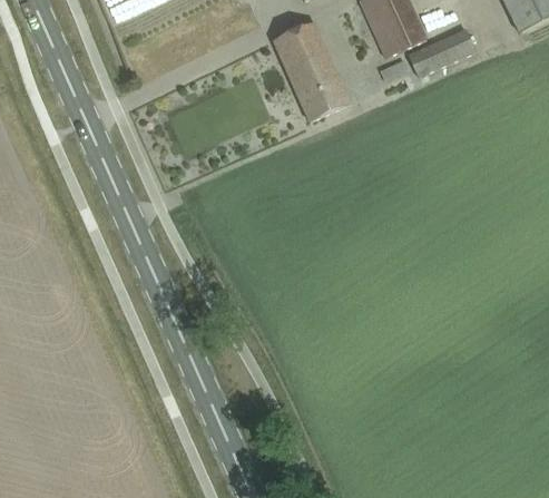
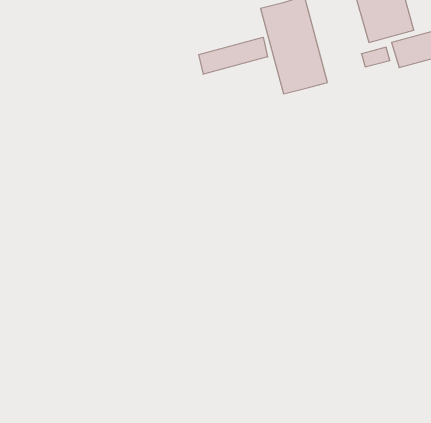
building: none -> [199,37,267,74]

